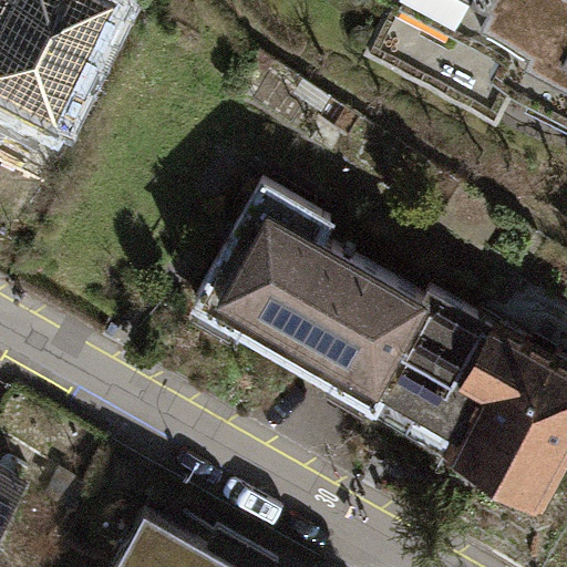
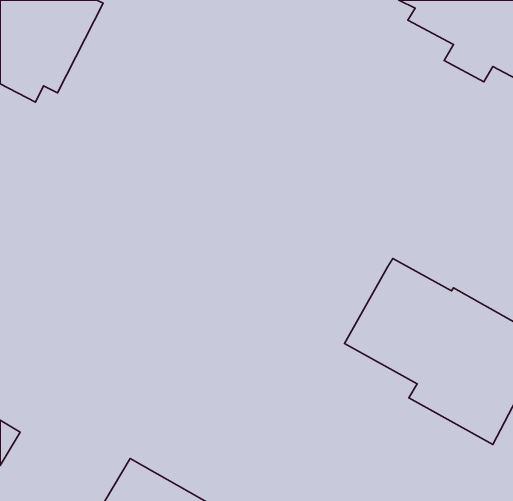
building: [200,193,429,406] -> none

